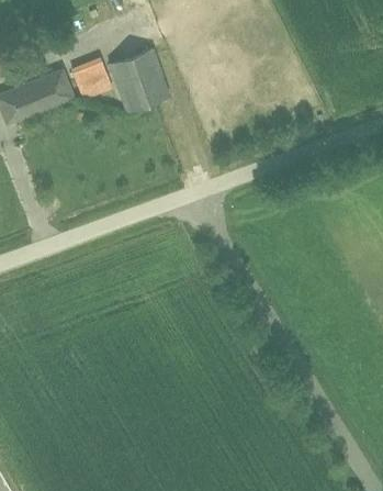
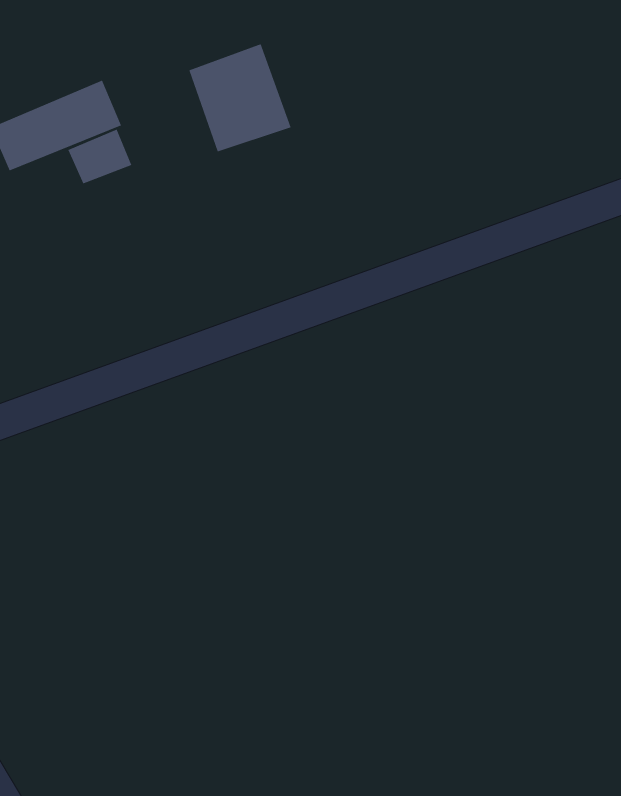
building: [70,60,108,92] -> [67,129,132,184]

